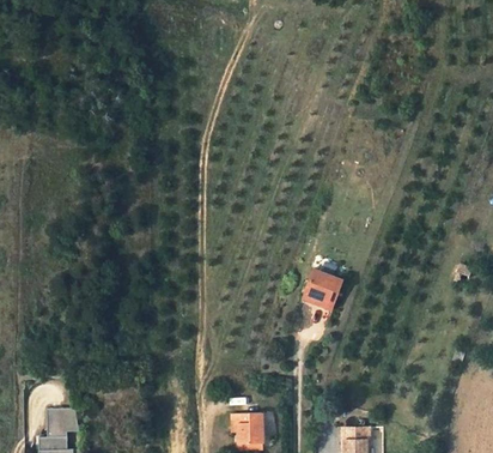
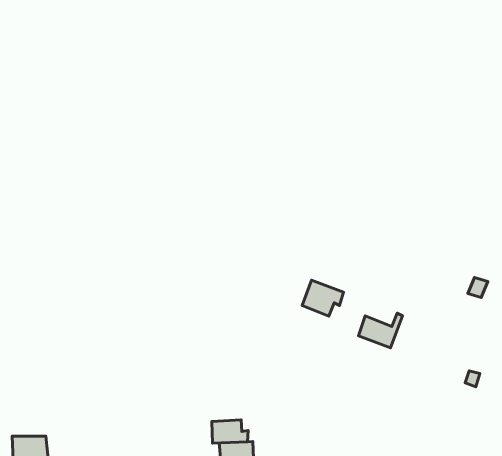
building: [299,289,339,320] -> [358,313,403,348]
building: none -> [212,420,248,443]

